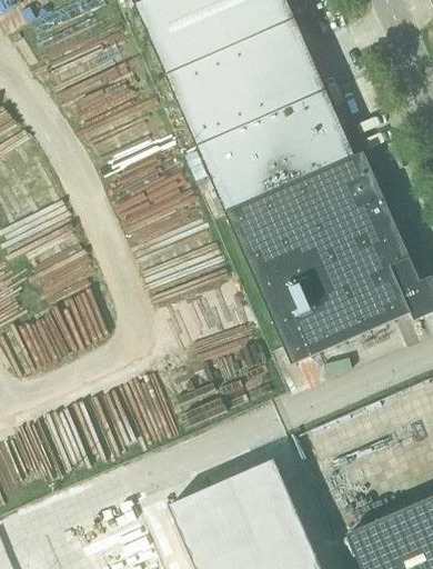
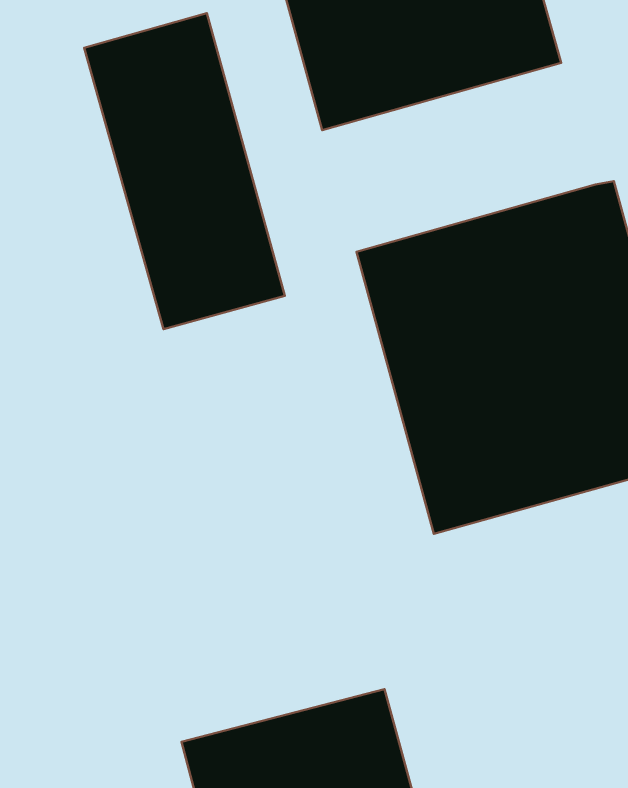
building: none -> [84,13,285,329]
building: [198,91,355,213] -> none

